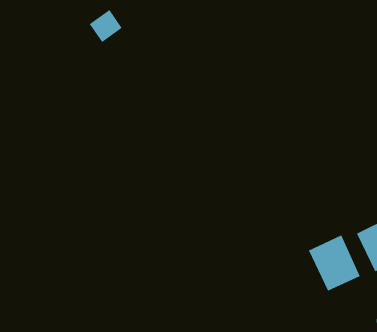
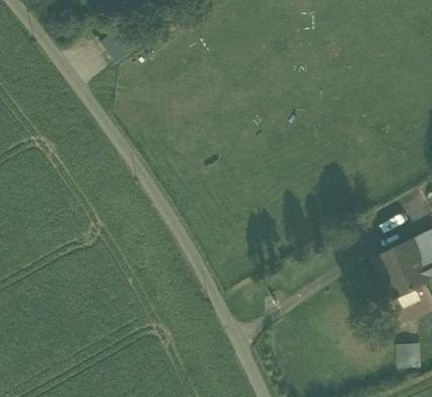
building: [308,234,361,291] -> none

